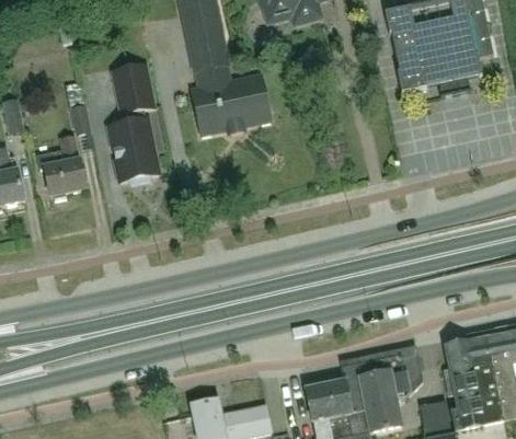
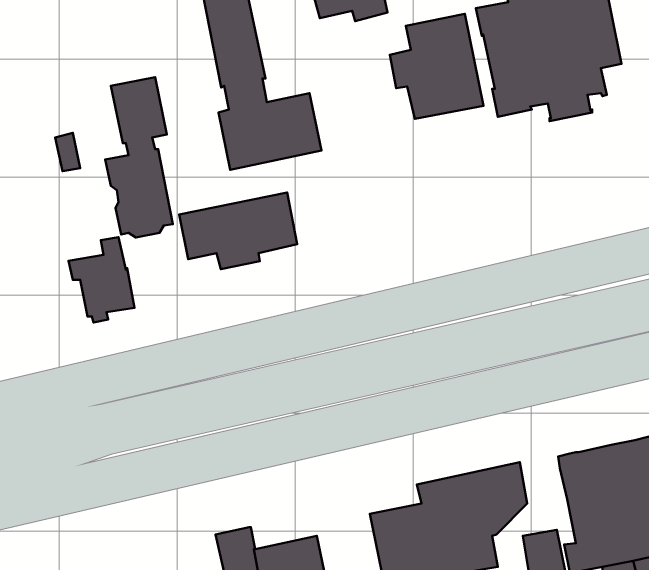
building: none -> [390,14,483,119]
building: [36,135,85,198] -> [68,237,135,322]
building: none -> [179,192,297,269]

